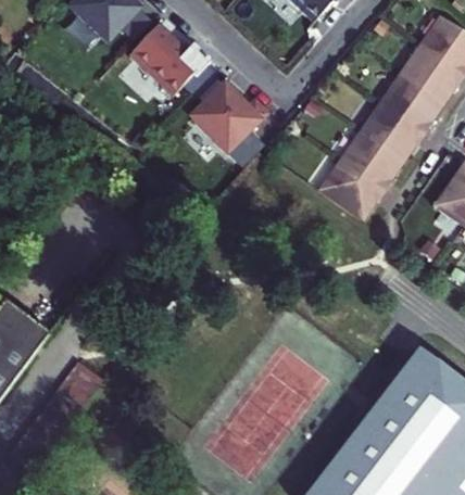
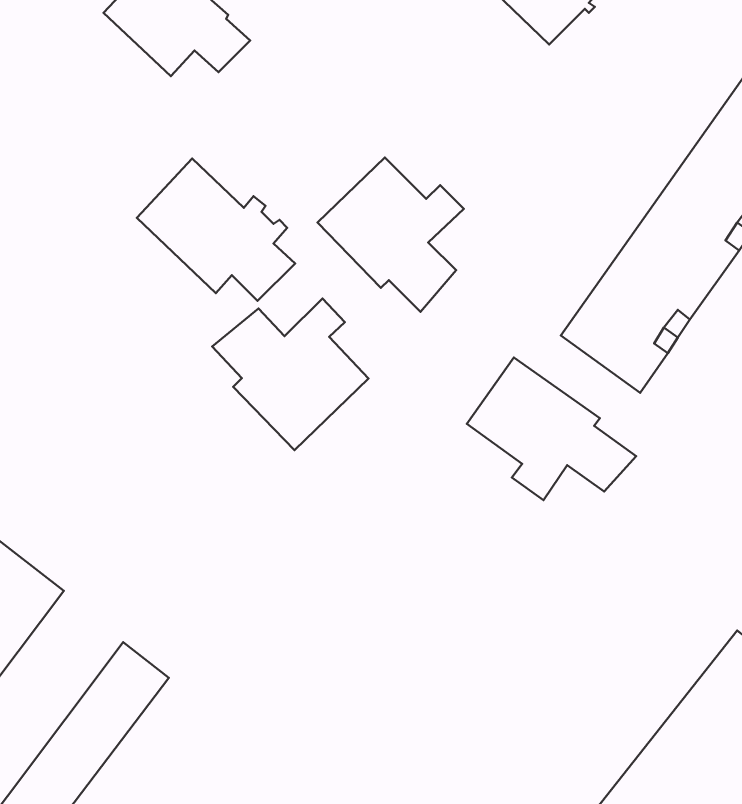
building: [130,25,217,103] -> [137,158,295,301]
building: none -> [212,298,368,450]
building: none -> [467,357,636,500]

